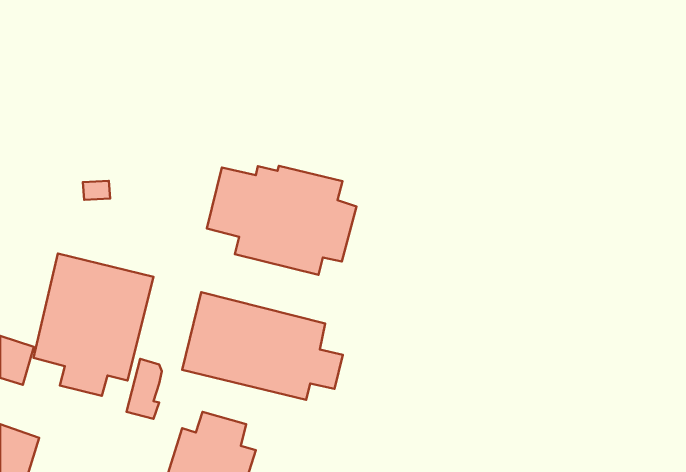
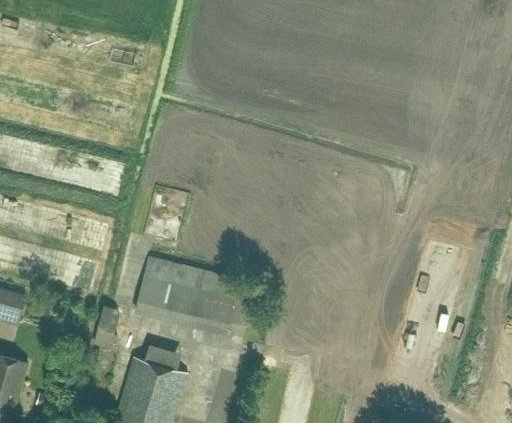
building: [207,166,357,275] -> none
building: [33,254,154,396] -> none

